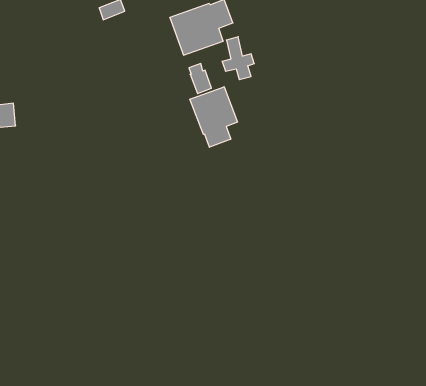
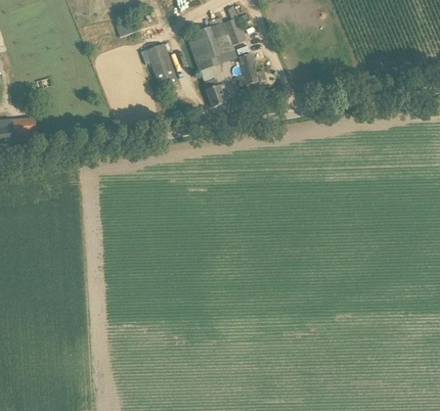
building: none -> [146,44,178,89]
building: [190,87,238,147] -> none

